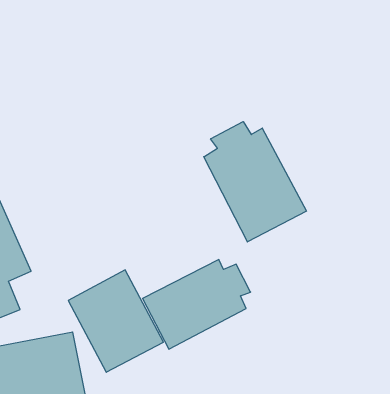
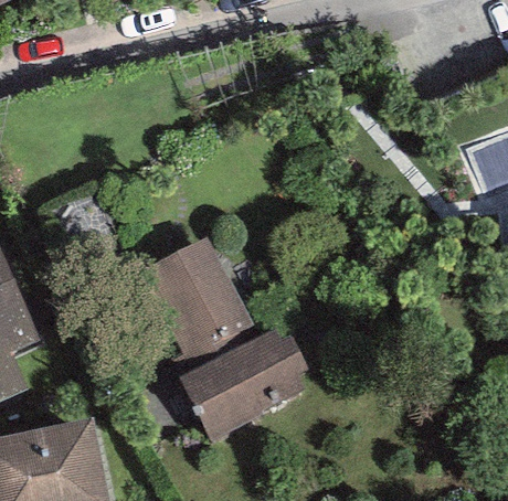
building: [204,122,306,242] -> none
building: [68,270,163,372] -> [136,236,252,361]

